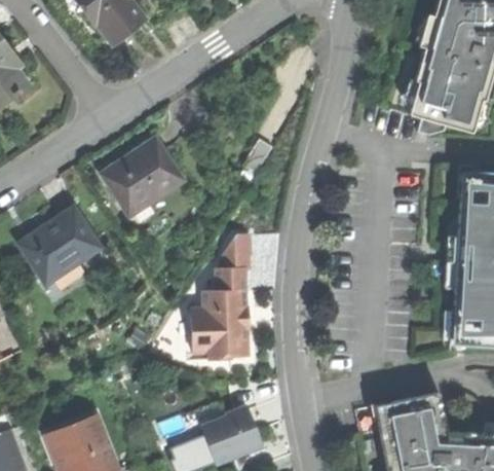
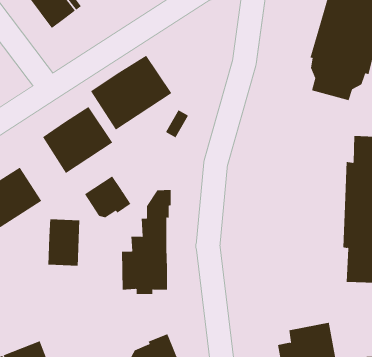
building: none -> [90,55,172,131]
building: none -> [84,176,131,218]
building: none -> [48,218,80,266]

